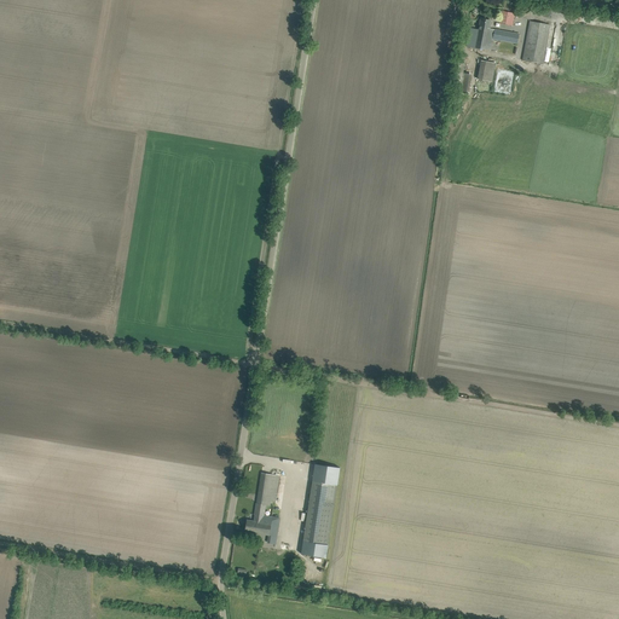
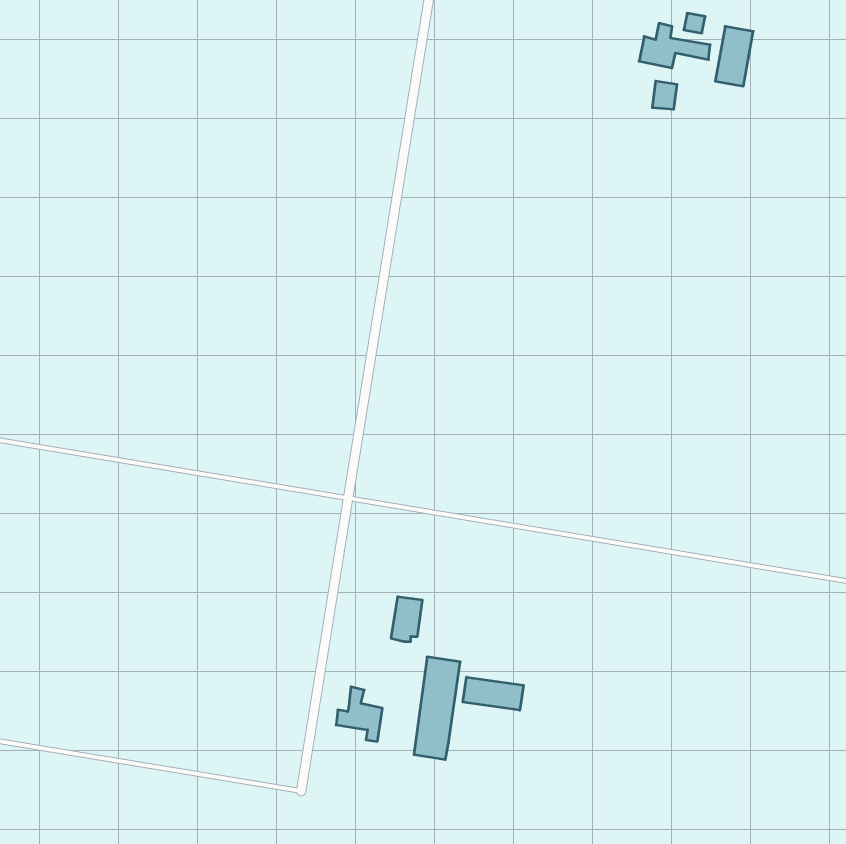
building: [256,472,279,504] -> [391,597,422,641]
building: none -> [463,677,524,710]

